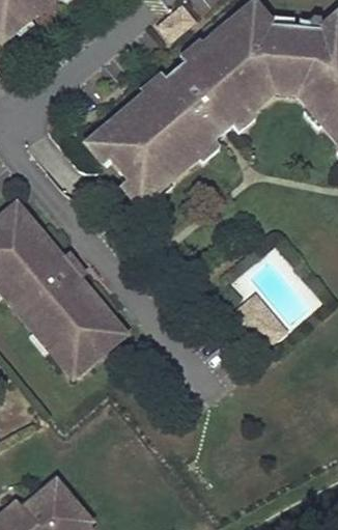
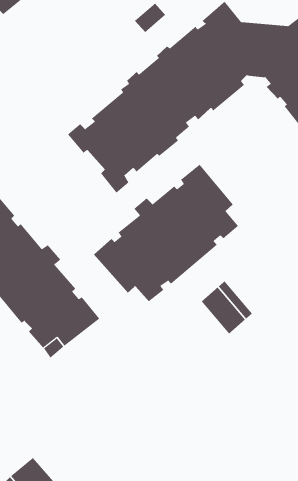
building: none -> [93,164,239,302]

